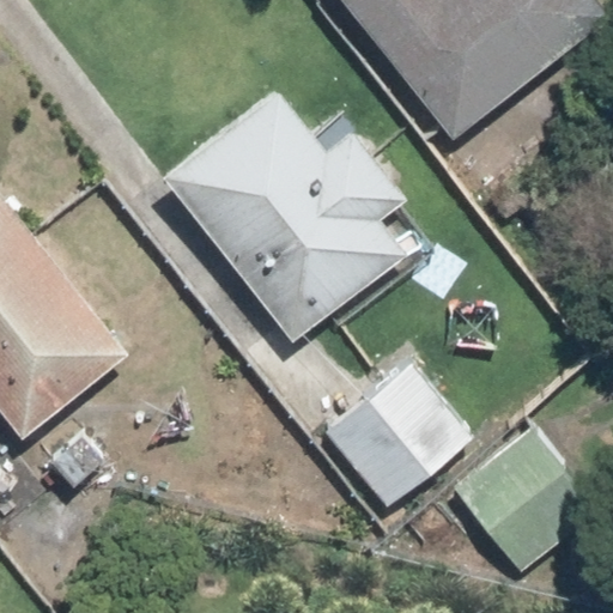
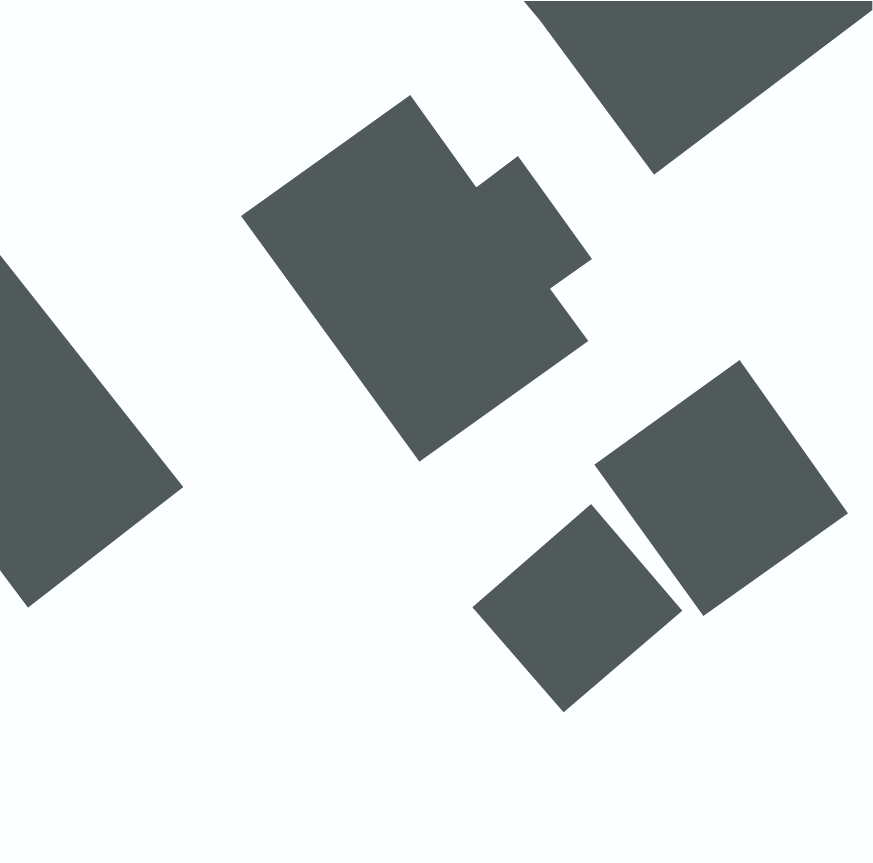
building: none -> [593,359,849,617]
building: [450,433,595,579] -> none

